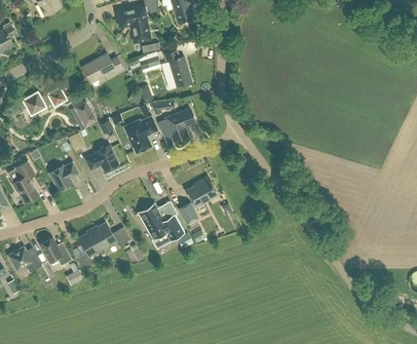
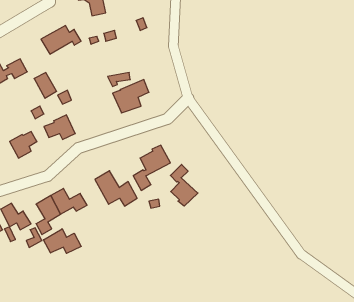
building: [164,50,191,85] -> none
building: [124,117,157,153] -> none
building: none -> [170,164,198,206]
building: none -> [43,229,81,253]

